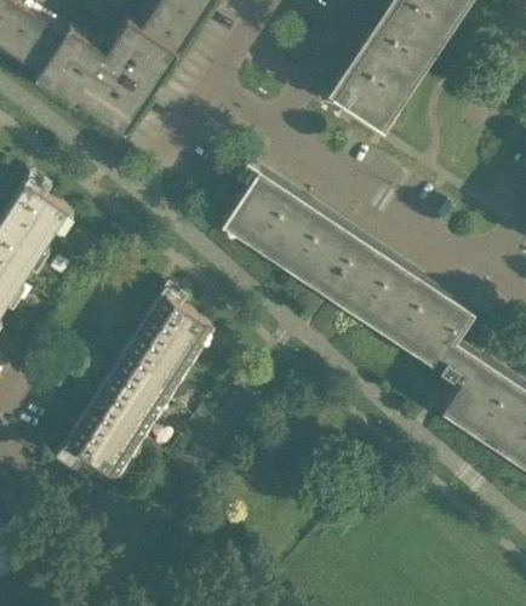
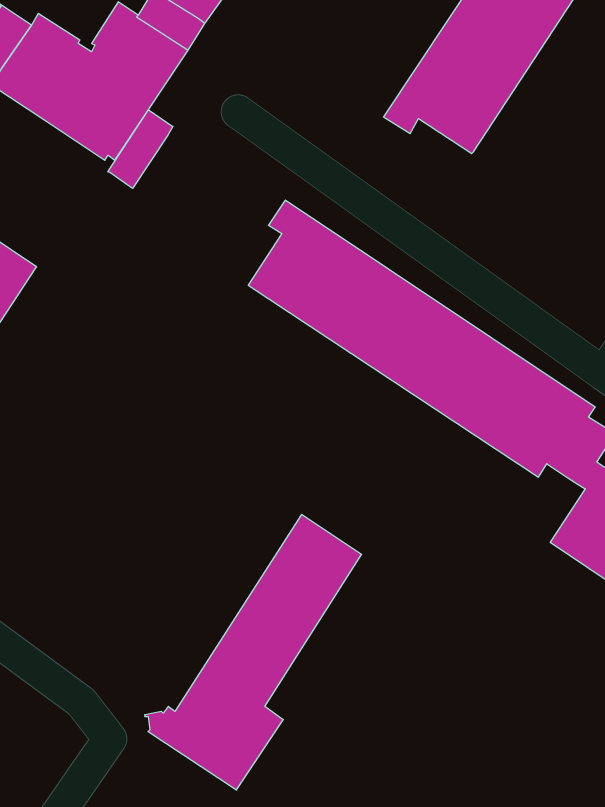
building: none -> [108,110,173,188]
building: [53,299,211,499] -> [145,515,362,790]

